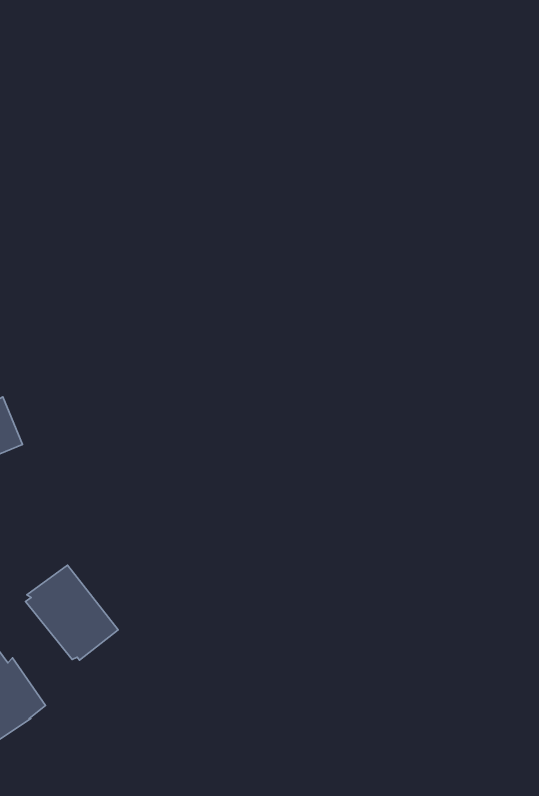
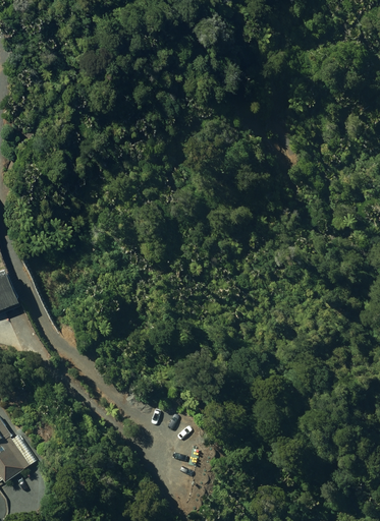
building: [25,565,118,660] -> none

